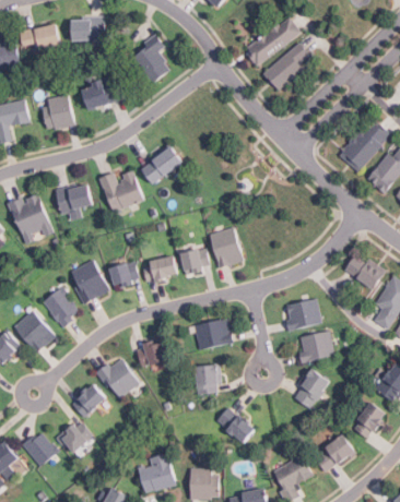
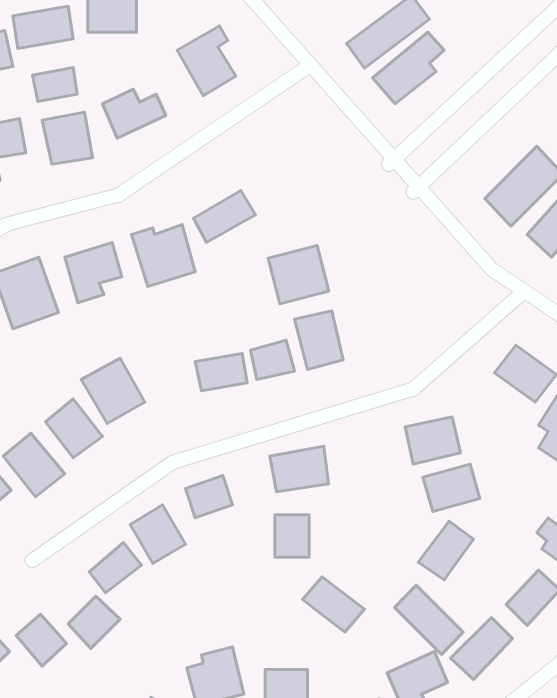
building: none -> [32,67,77,102]
building: none -> [268,245,329,304]
building: [110,261,140,288] -> none
building: none -> [395,585,463,655]

